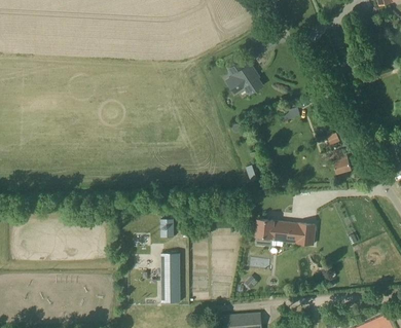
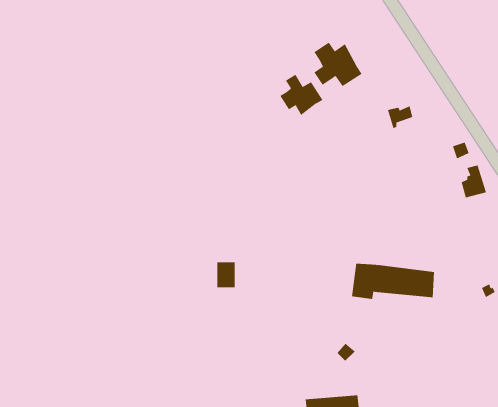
building: none -> [279,74,323,116]
building: [160,253,180,302] -> none

